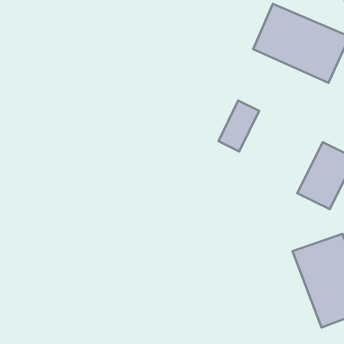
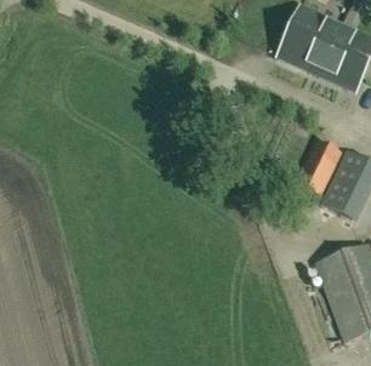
building: [218,101,259,152] -> [296,139,338,193]

